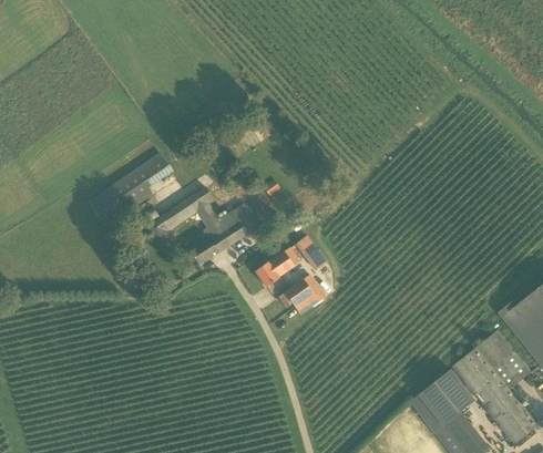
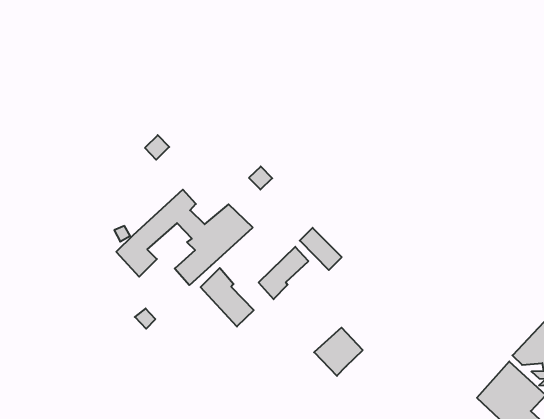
building: [90,153,174,227] -> none
building: none -> [201,268,254,327]
building: [286,276,326,315] -> [314,328,363,376]

